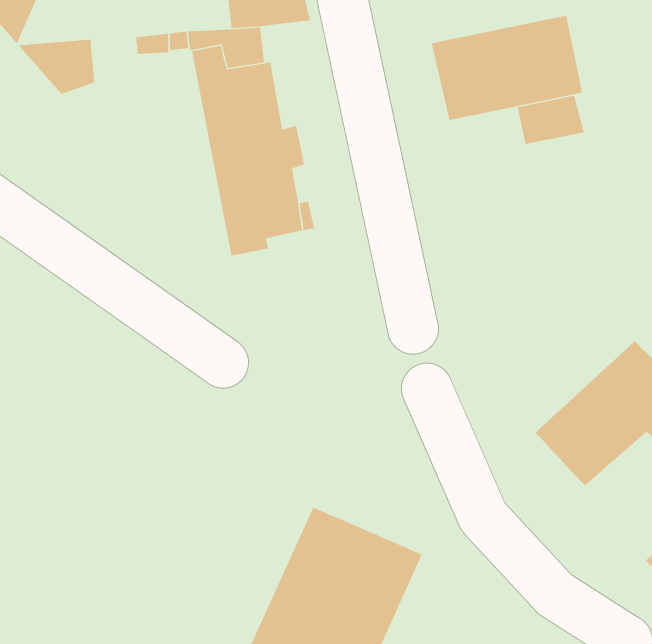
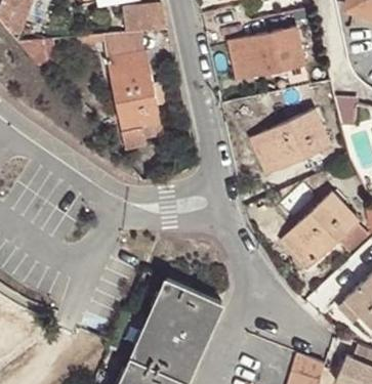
building: none -> [249,110,331,176]

